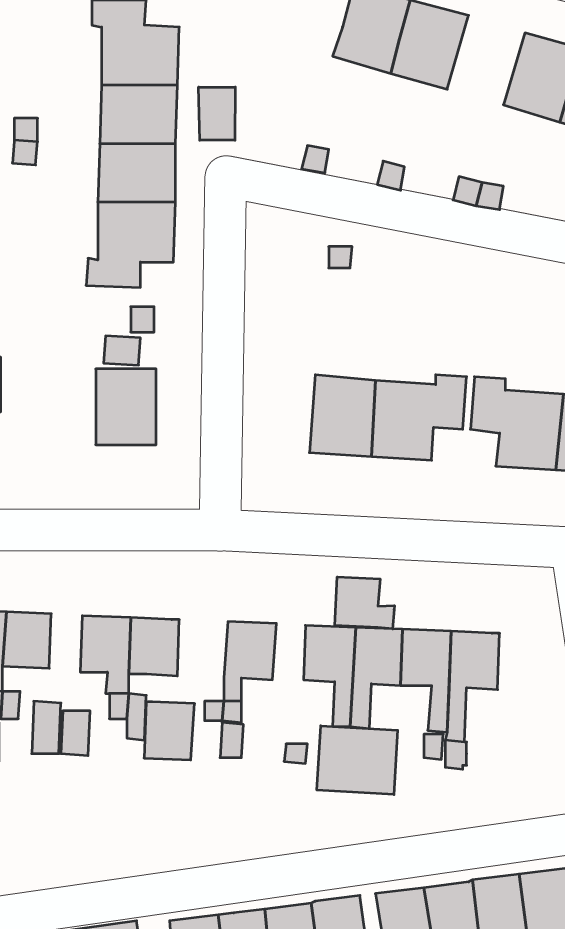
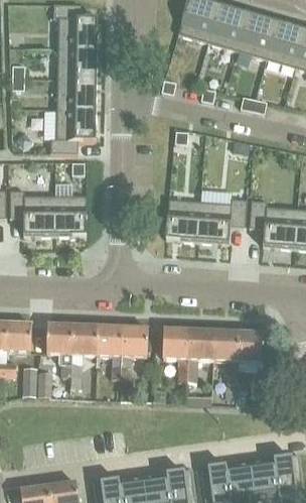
building: none -> [237,11,277,57]
building: [199,87,235,140] -> none
building: none -> [9,188,54,234]
building: [335,577,394,629] -> none
building: [144,702,195,760] -> [97,325,123,355]
building: [317,726,398,795] -> none

